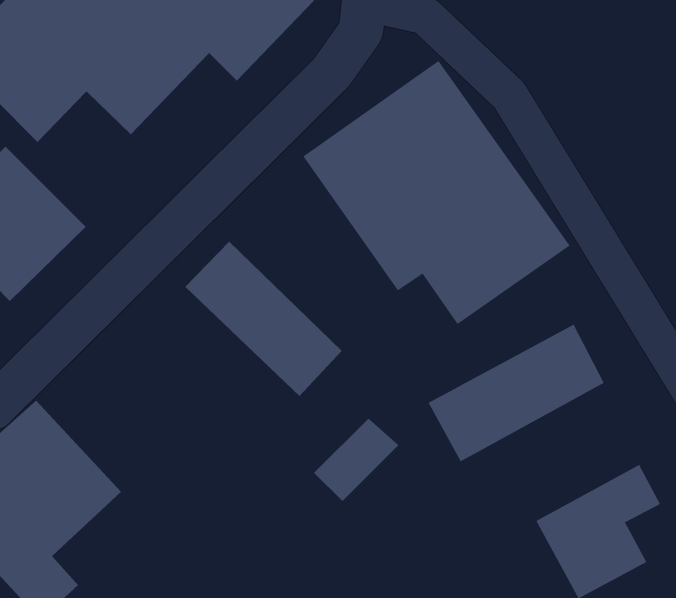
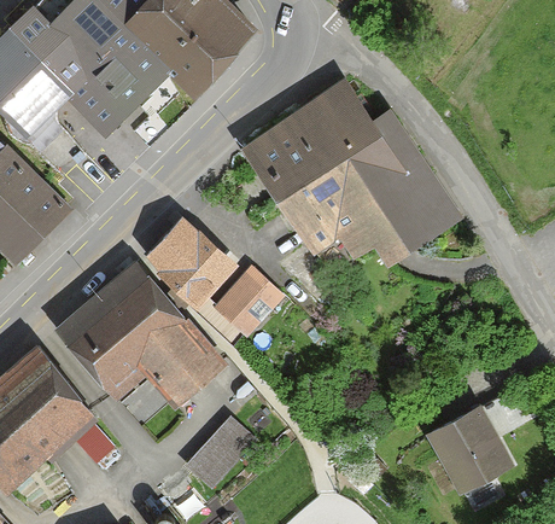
building: none -> [57,260,222,401]
building: [428,324,605,462] -> none
building: [313,418,399,502] -> [183,420,251,487]

